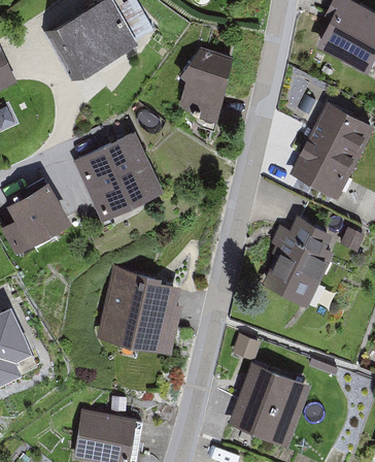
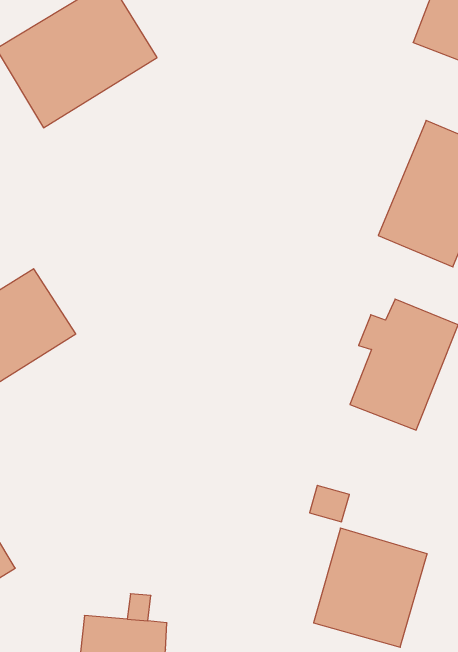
building: [174,47,229,117] -> none
building: [80,130,176,226] -> none
building: [95,265,177,354] -> none

